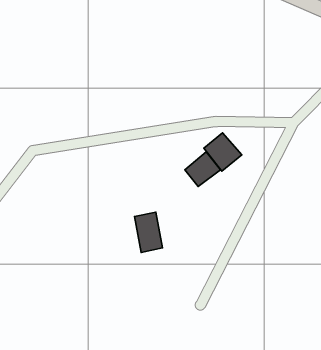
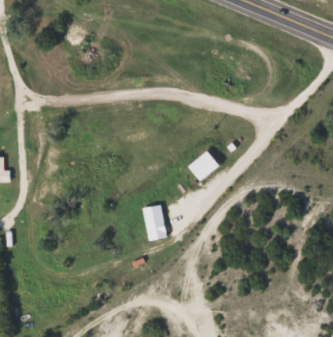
building: [204,133,242,171] -> none

